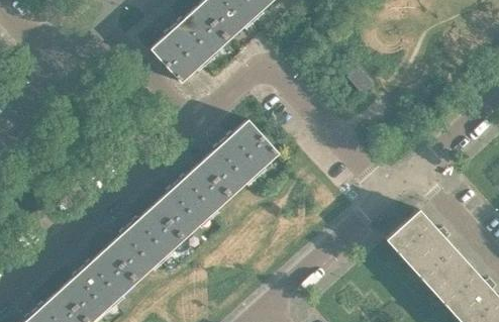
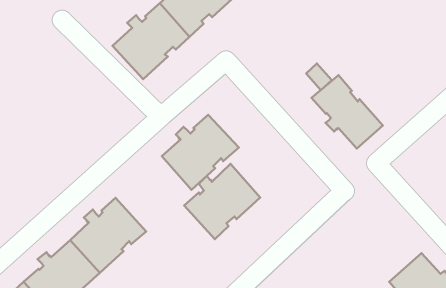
building: none -> [312,75,383,149]
building: [153,163,230,239] -> [184,164,260,239]
building: [386,209,466,291] -> none

